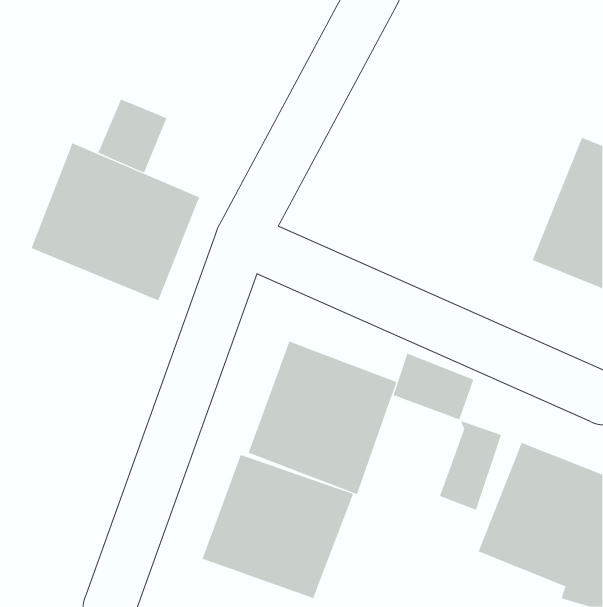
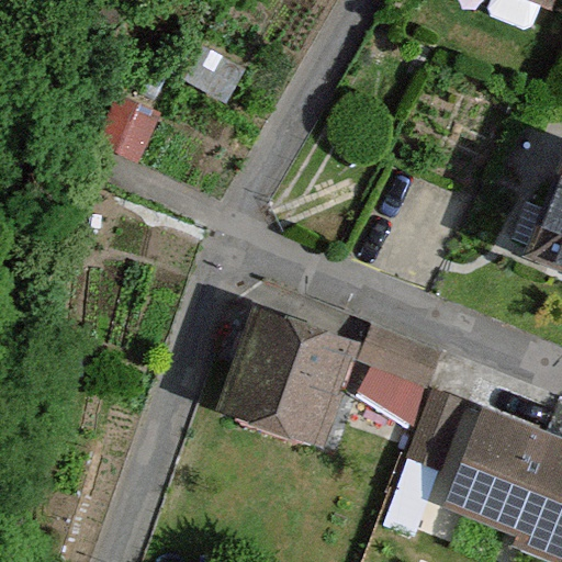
building: [31,142,200,301] -> none
building: [202,454,354,599] -> none

